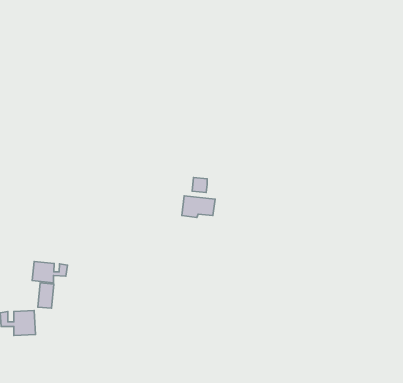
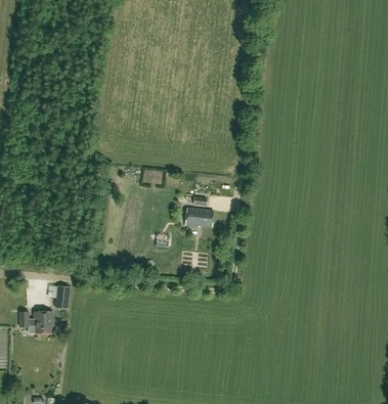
building: [32,261,67,283] -> none

